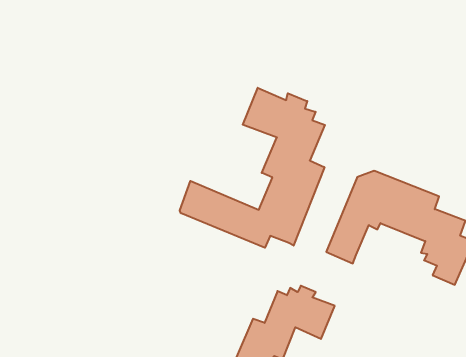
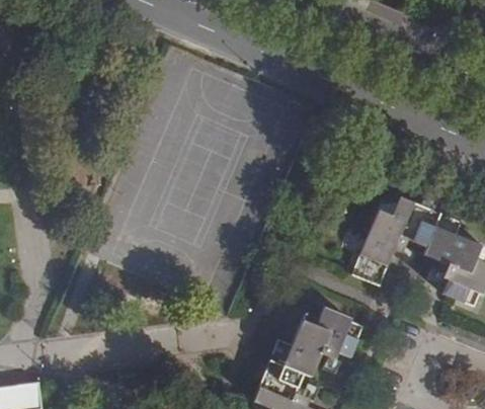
building: [180,88,325,248] -> none

